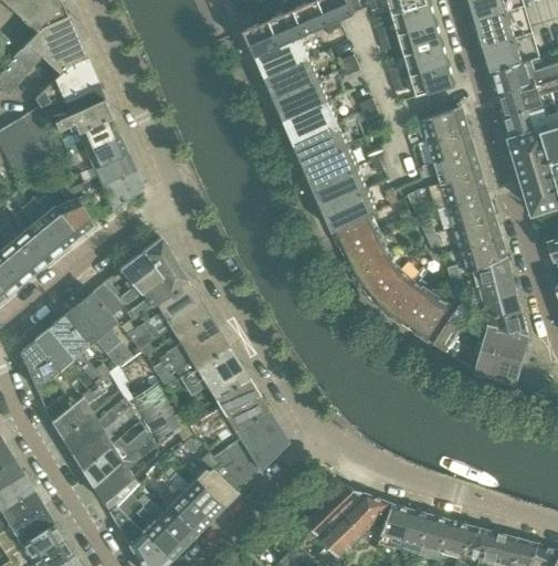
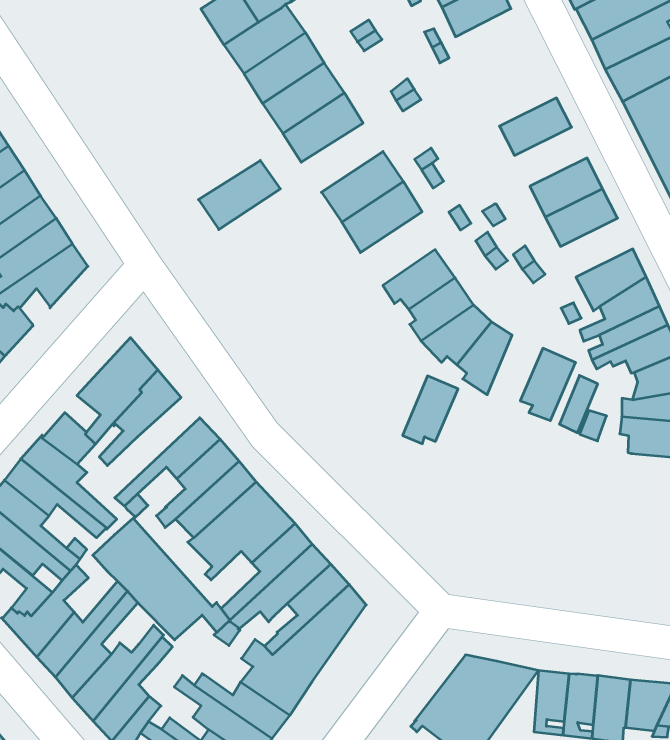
building: [409,64,455,97] -> none
building: [421,105,468,140] -> none
building: [293,123,348,164] -> [198,160,280,230]
building: [422,149,482,184] -> none
building: [322,188,377,232] -> none
building: [454,214,502,249] -> none
building: [389,280,431,324] -> [403,376,458,444]
building: [125,283,197,342] -> none

